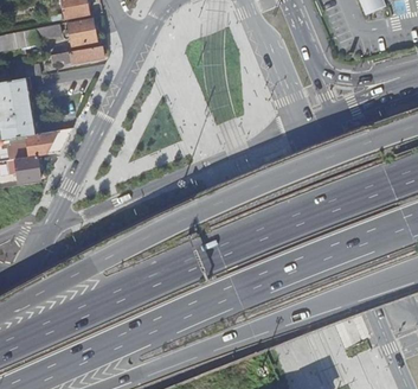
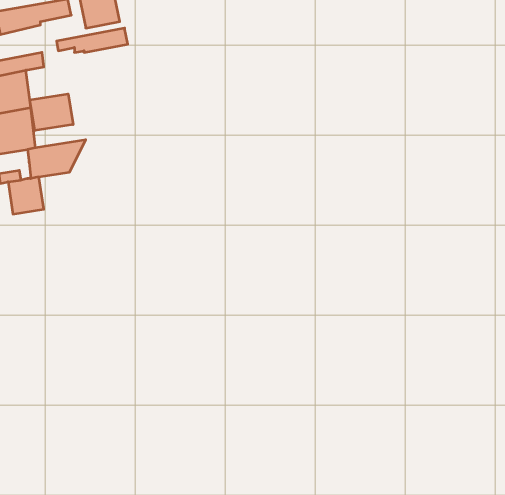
building: none -> [30,94,73,131]

